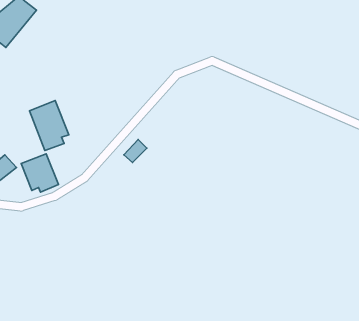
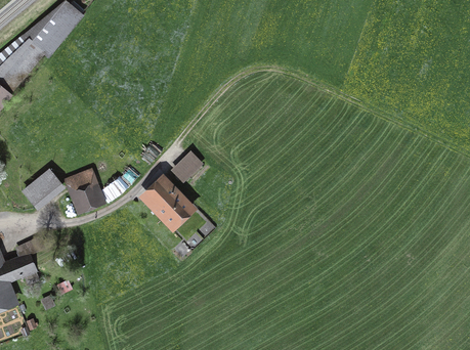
building: [29,100,69,150] -> none
building: none -> [145,179,191,226]

